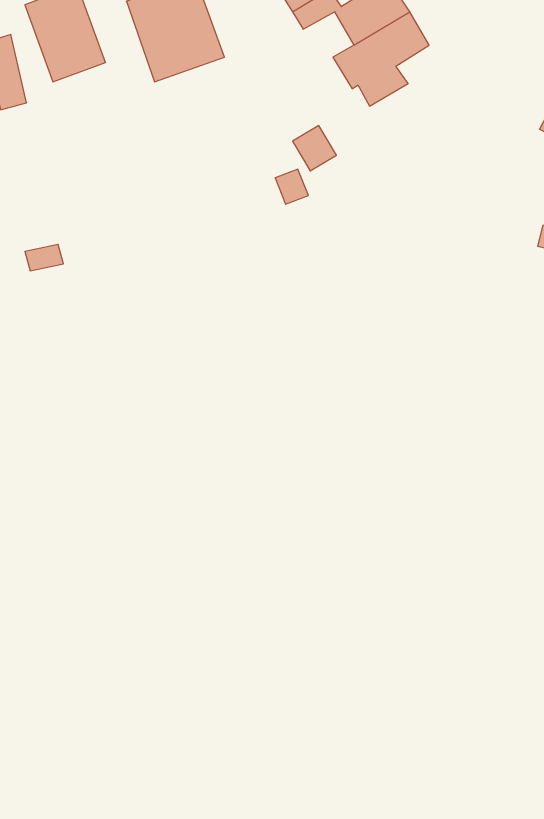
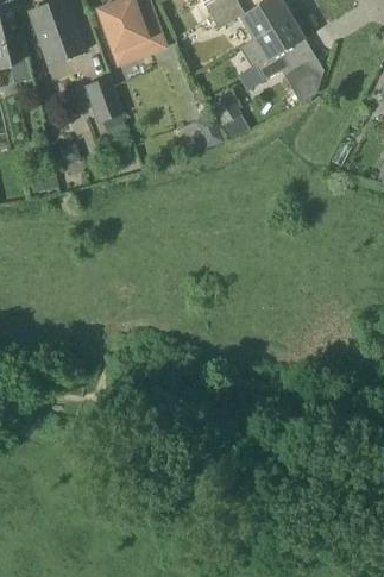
building: none -> [283,61,322,102]
building: none -> [86,77,121,121]

